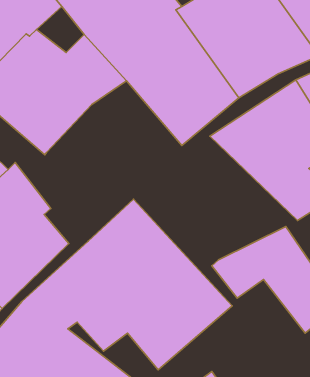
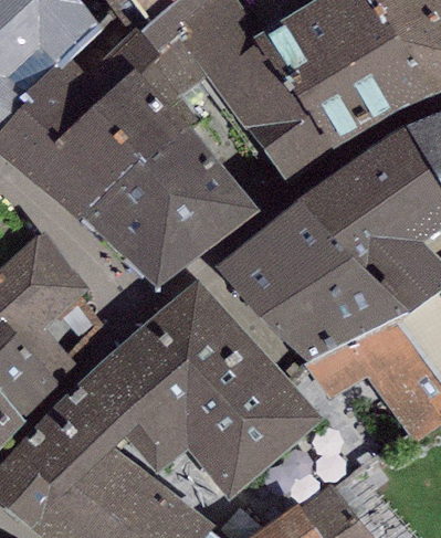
building: none -> [82,124,258,286]
building: none -> [213,196,408,356]

